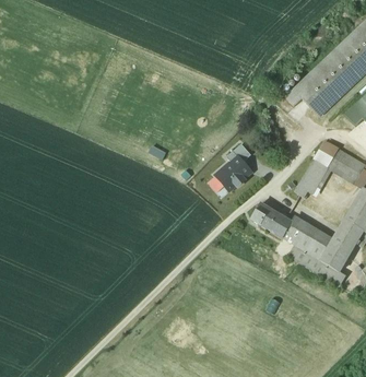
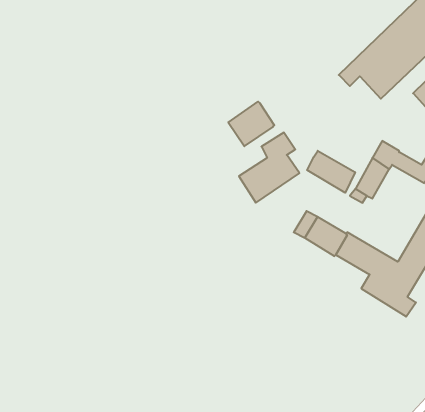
building: none -> [228,102,274,146]
building: none -> [307,151,355,193]

